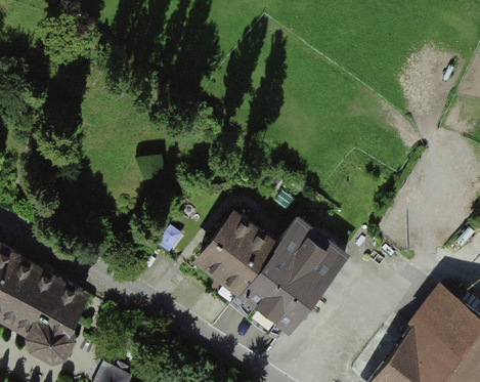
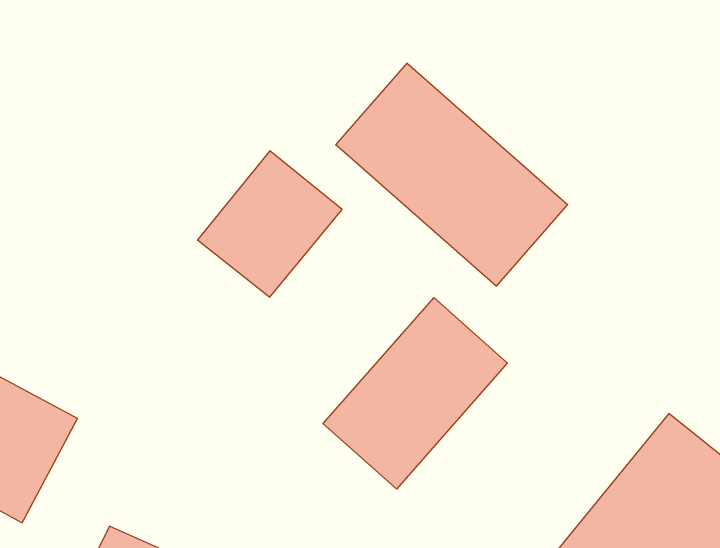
building: none -> [336,63,568,286]
building: [192,207,280,296] -> [198,151,342,297]

